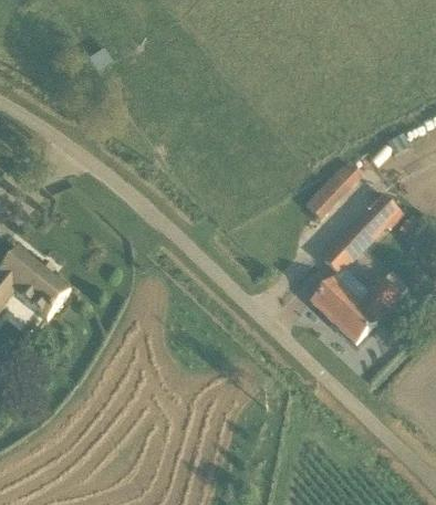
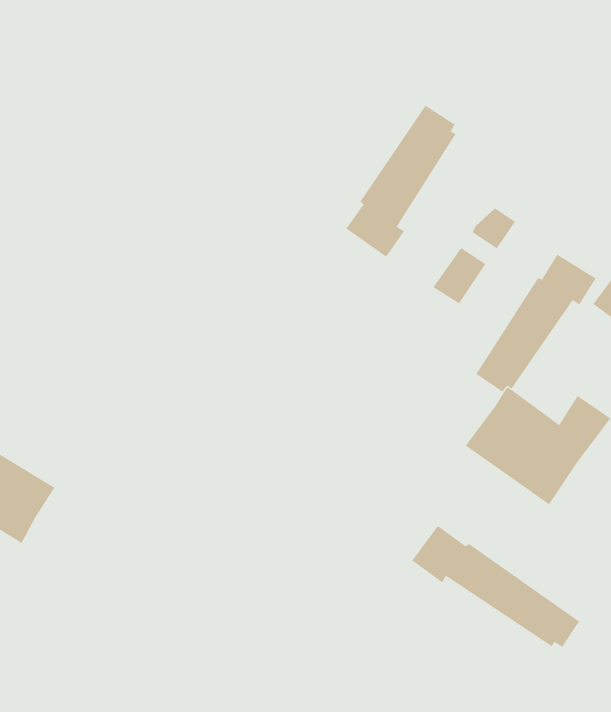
building: none -> [346,105,456,258]
building: none -> [412,525,580,648]

